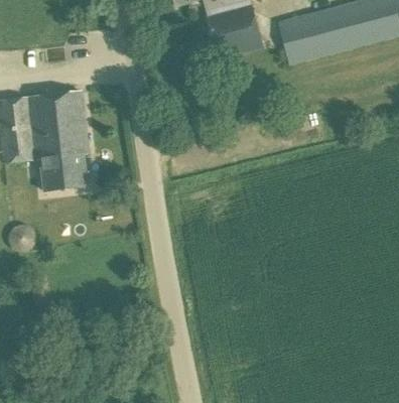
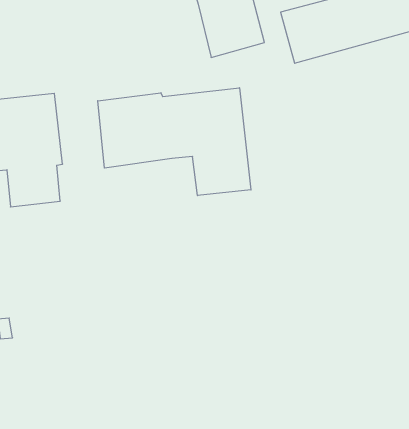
building: none -> [98,88,251,196]

